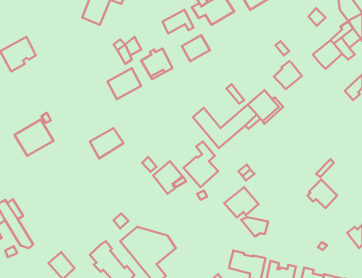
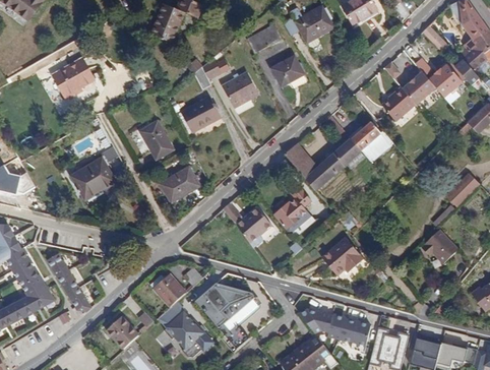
building: none -> [403,72,436,106]
building: none -> [139,121,173,159]
building: none -> [446,173,479,206]
building: [241,217,268,237] -> [300,310,332,333]
building: none -> [157,274,189,307]

